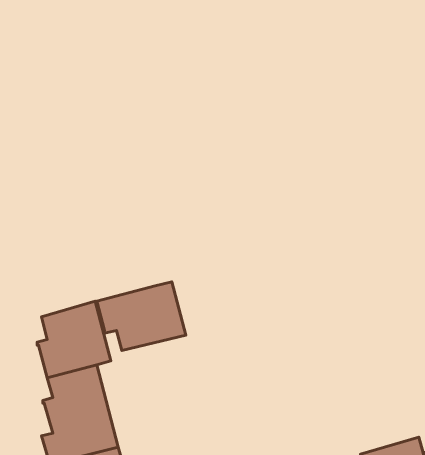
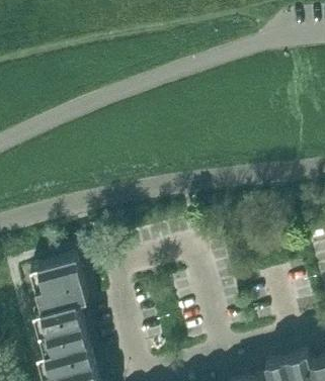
building: [97,282,186,351] -> none

